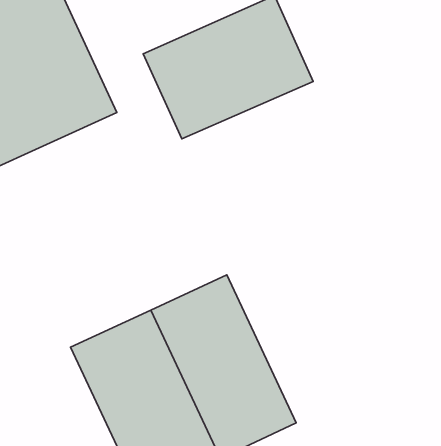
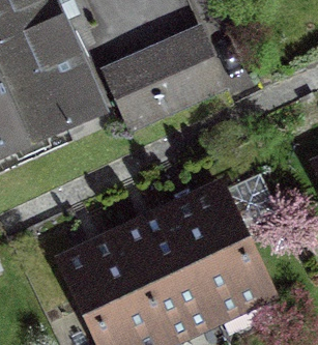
building: none -> [170,193,267,316]

